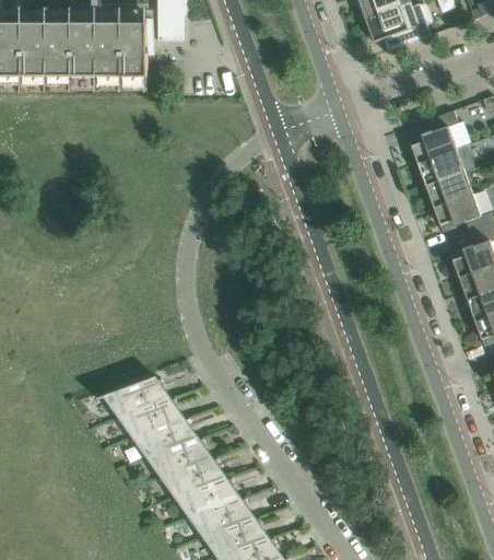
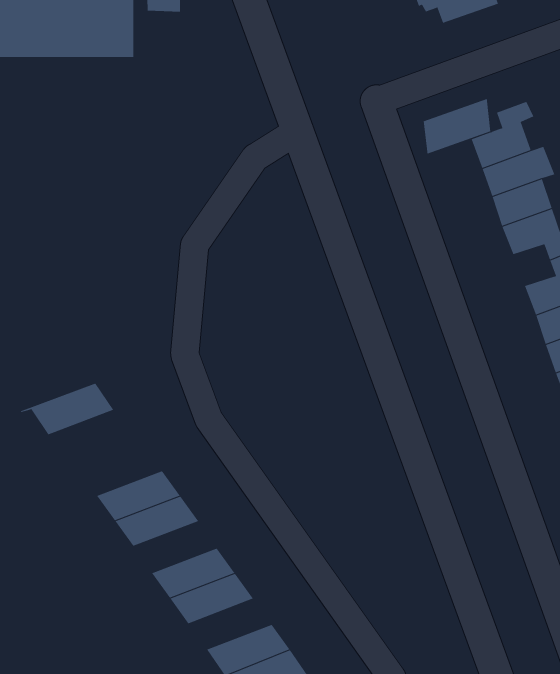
building: none -> [423,98,491,155]
building: [96,376,169,417] -> [20,383,114,435]
building: [146,436,212,477] -> none
building: [189,497,255,536] -> none

